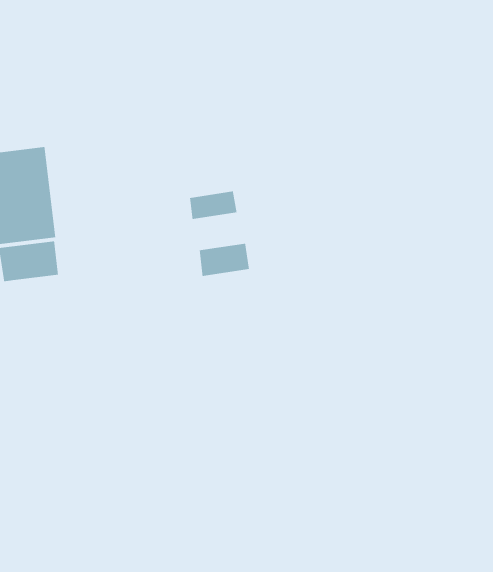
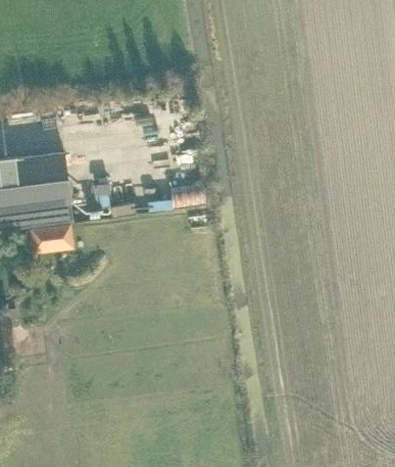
building: [199,243,250,277] -> none

